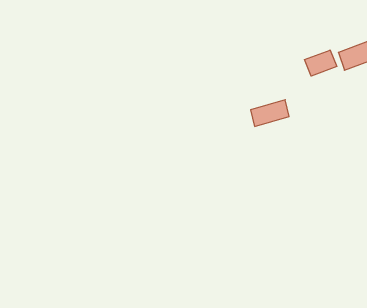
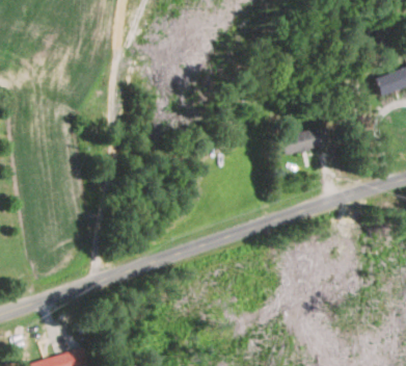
building: [304,50,337,76] -> none

